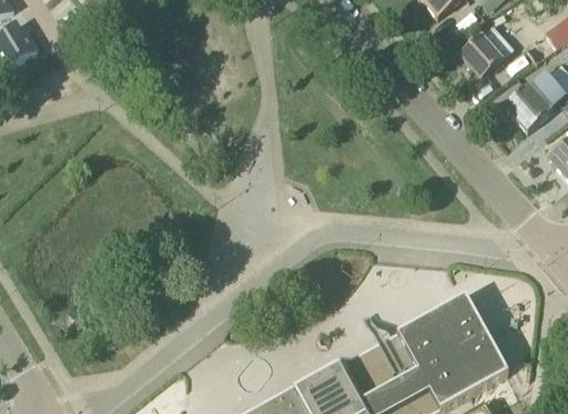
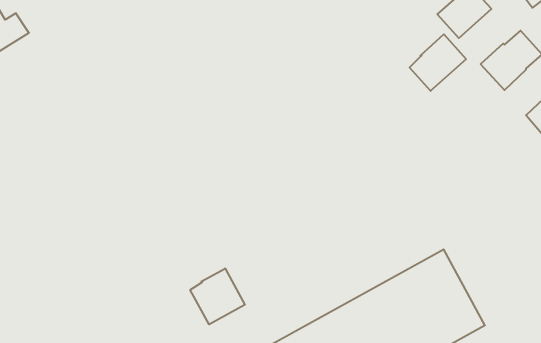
building: none -> [410,34,466,91]
building: none -> [190,268,245,324]

